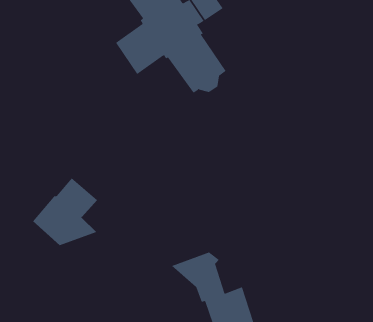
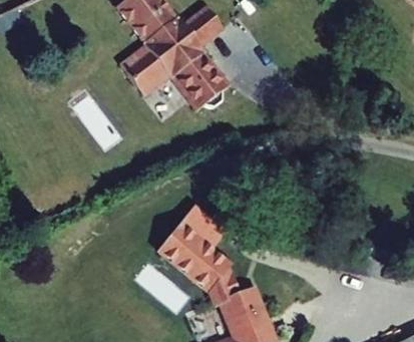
building: [32,177,98,246] -> [159,207,222,272]

